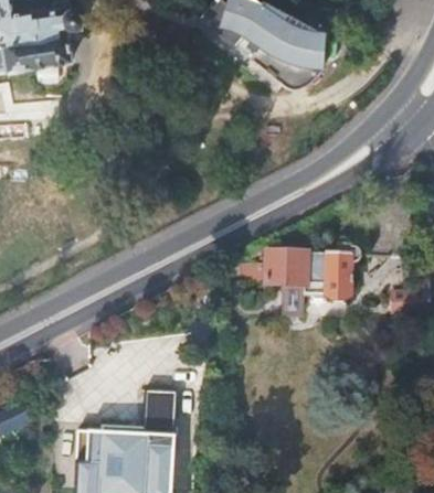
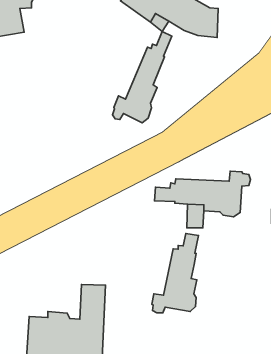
building: none -> [112,31,172,123]
building: none -> [152,233,199,313]

